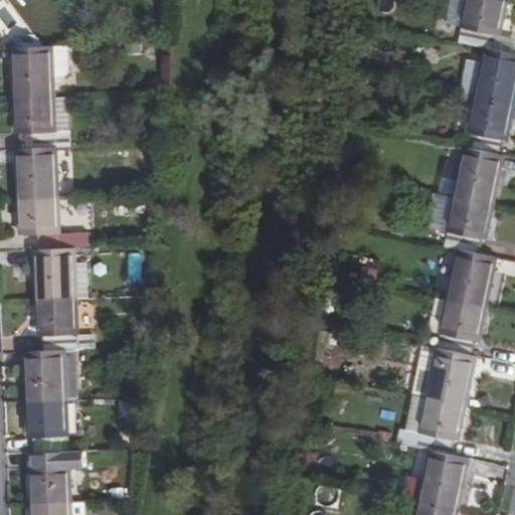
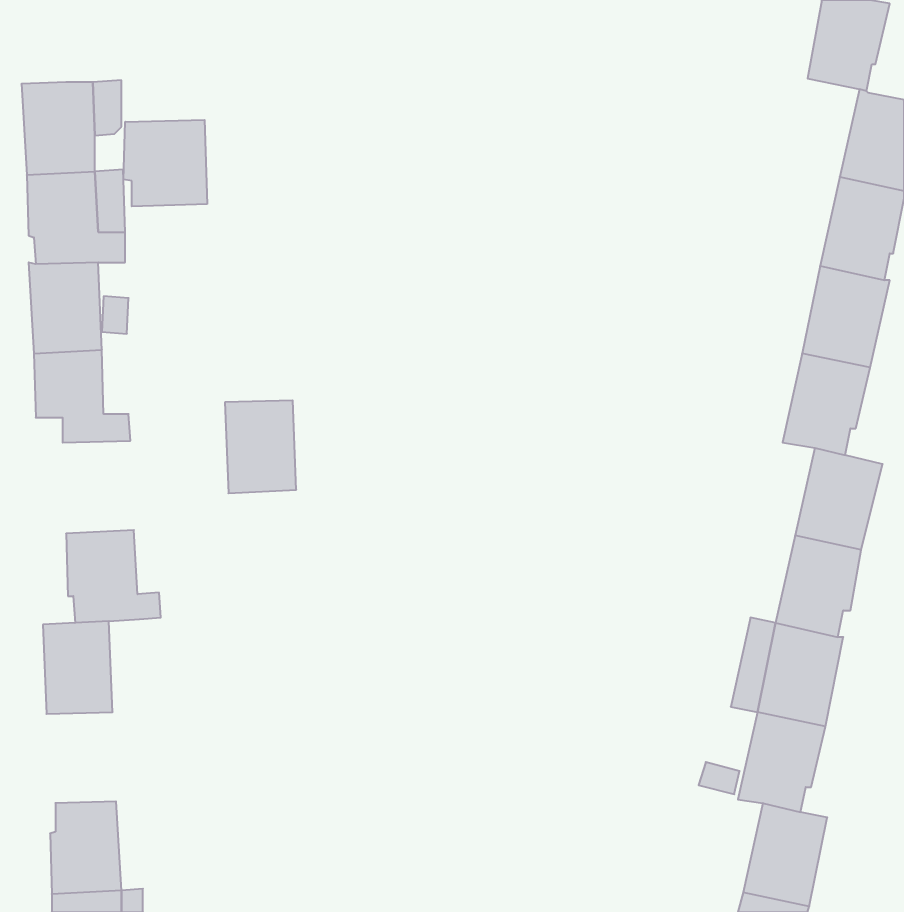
building: none -> [124,120,207,206]
building: [35,248,75,301] -> [225,400,296,493]
building: [26,401,65,453] -> none

